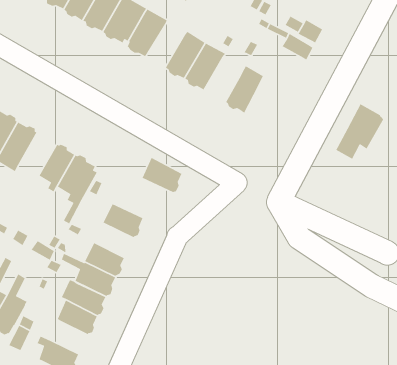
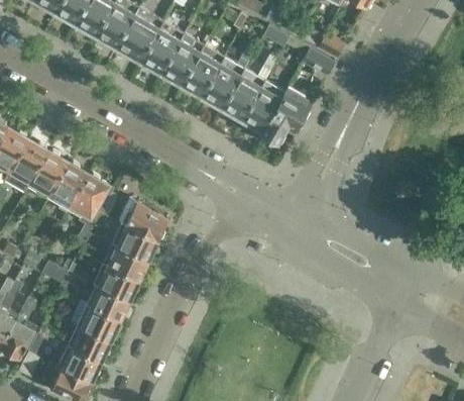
building: none -> [158,34,202,84]
building: none -> [219,69,262,119]
building: [335,103,385,160] -> [259,86,311,144]
building: none -> [27,151,67,196]
building: [142,157,182,193] -> [124,202,166,239]
building: none -> [105,244,146,281]
building: none -> [56,344,100,381]

